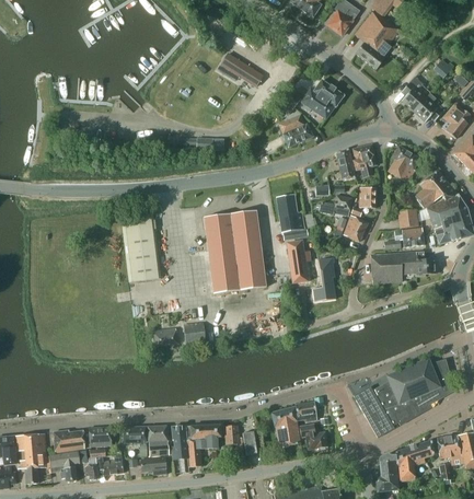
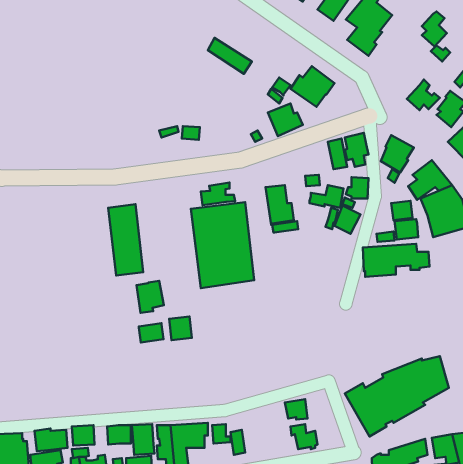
building: [401,77,425,111] -> [422,12,447,47]
building: none -> [201,183,235,205]
building: [285,240,307,282] -> none
building: [312,256,335,301] -> none
building: none -> [136,281,164,313]
building: [270,406,300,445] -> none

